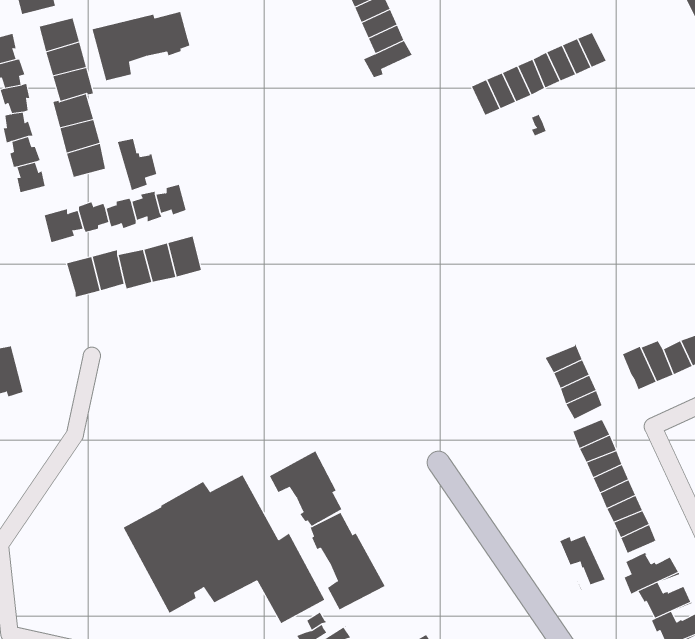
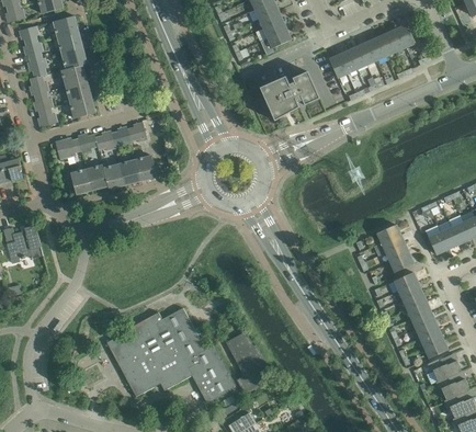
building: [92,11,190,81] -> none
building: none -> [259,71,319,121]
building: [117,138,157,191] -> none
building: [269,450,342,527] -> none
building: [560,535,606,591] -> none

